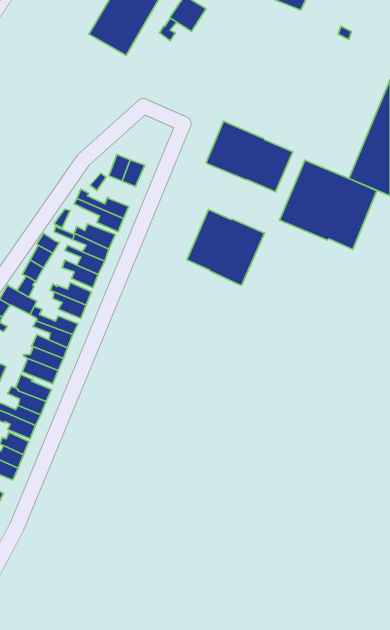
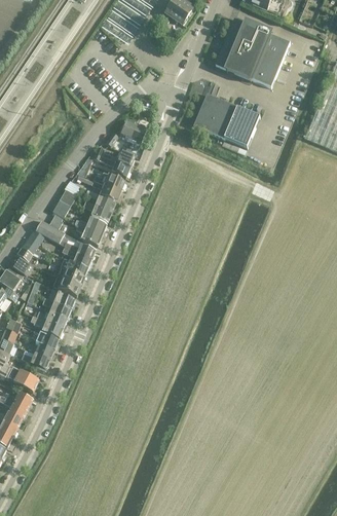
building: [280,160,377,250] -> [215,19,290,87]
building: [187,210,265,285] -> none

